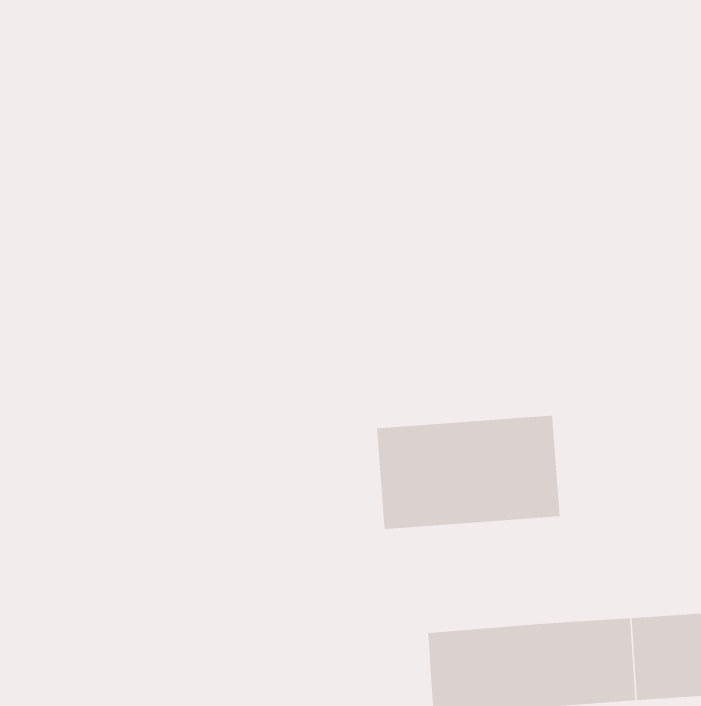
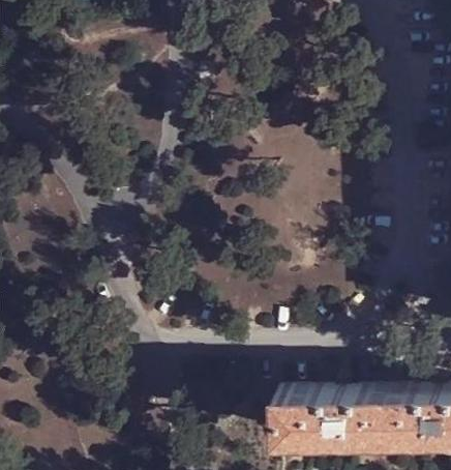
building: [376,415,560,530] -> none

